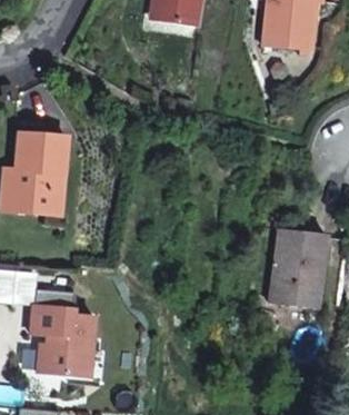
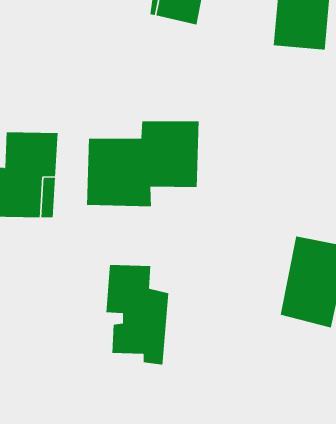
building: none -> [87,120,199,207]
building: [27,284,86,377] -> [106,264,169,365]

